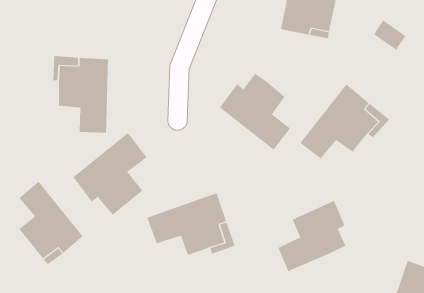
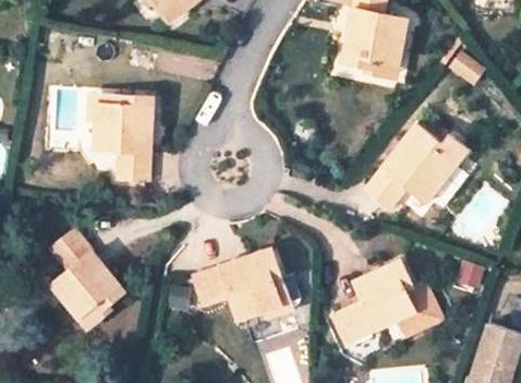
building: [219,73,291,151] -> none
building: [72,132,147,215] -> none
building: none -> [400,277,445,331]

